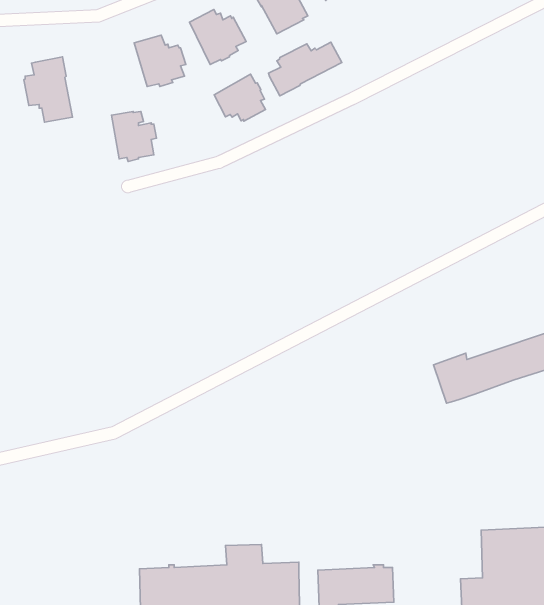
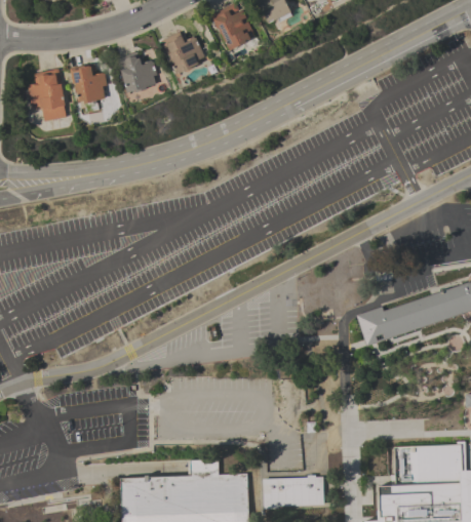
building: [269,42,342,96] -> none
building: [214,74,266,121] -> none
building: [111,111,156,161] -> [72,64,108,104]

